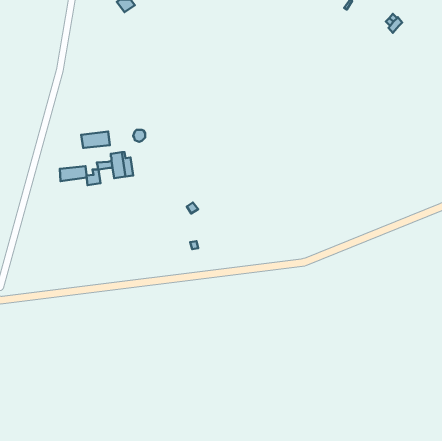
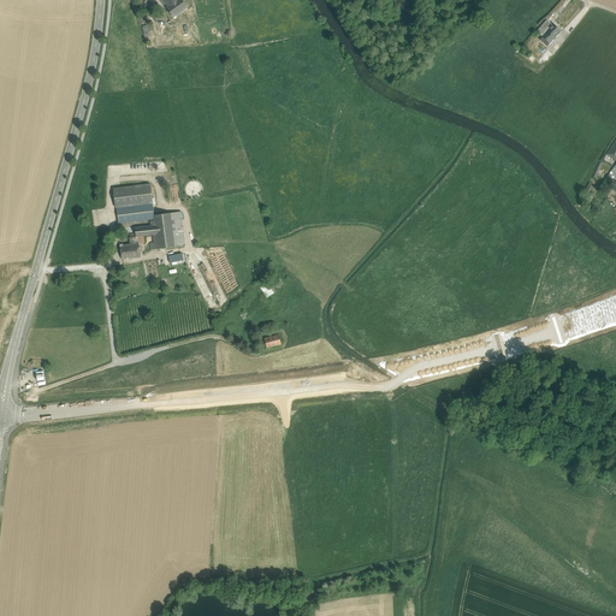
building: [60,166,86,181] -> [117,202,154,223]

